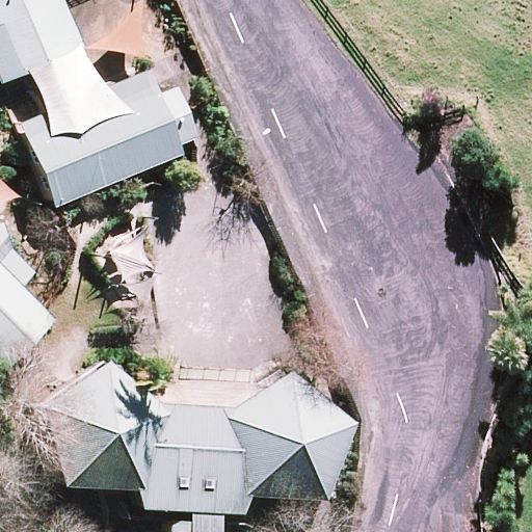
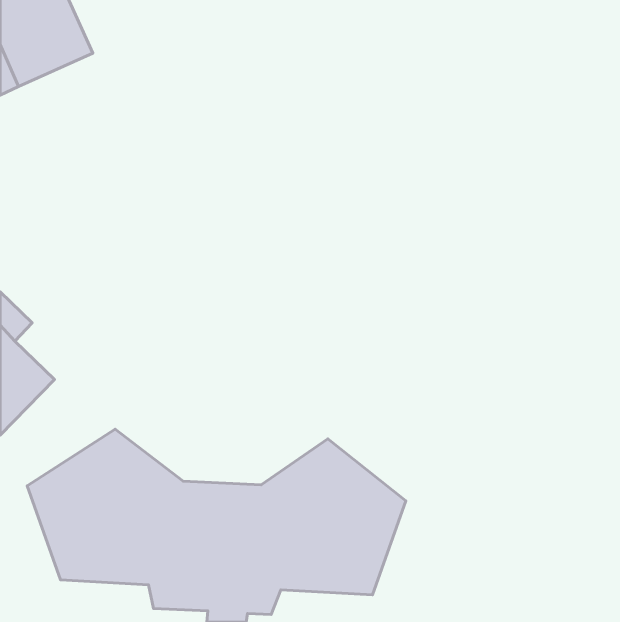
building: [22,70,198,206] -> none

